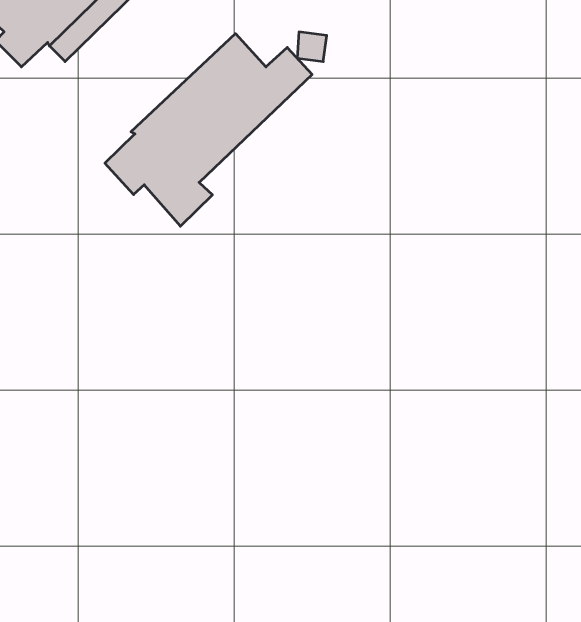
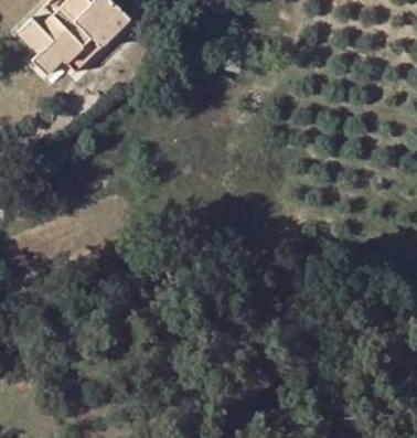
building: [105,34,312,226] -> none

